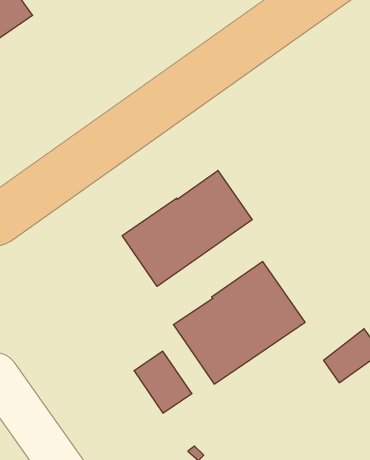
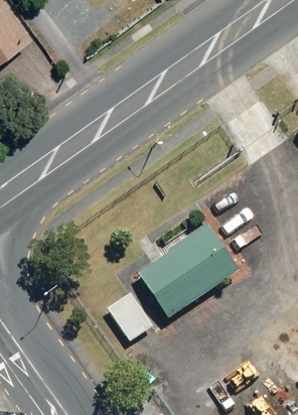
building: [122,170,252,286] -> none

